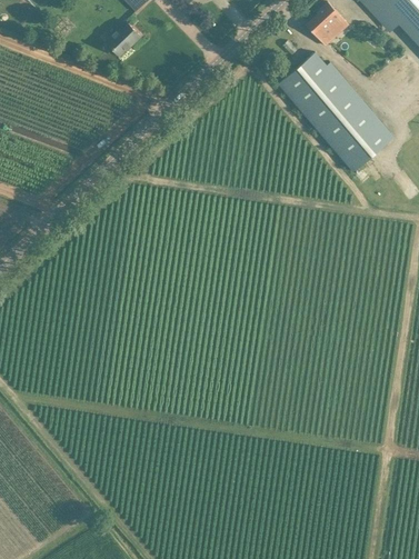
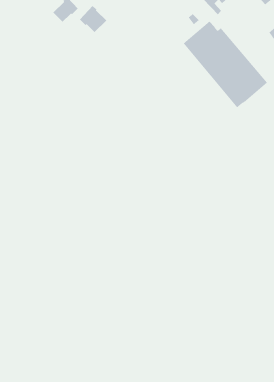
building: none -> [79,5,107,33]

